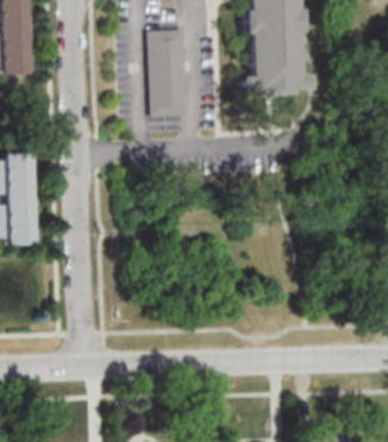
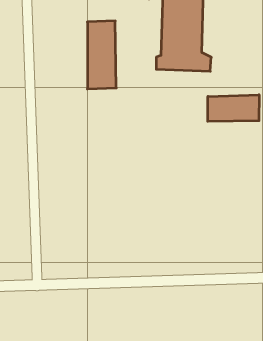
building: none -> [208,95,259,121]

